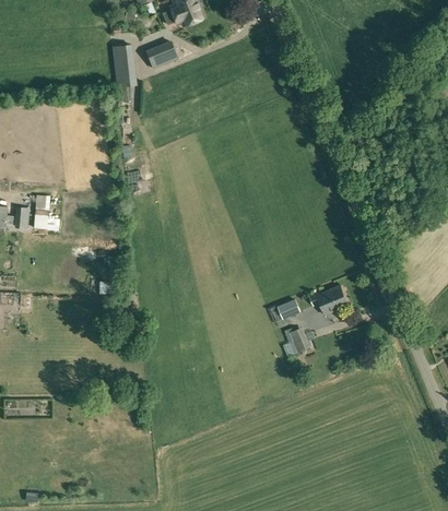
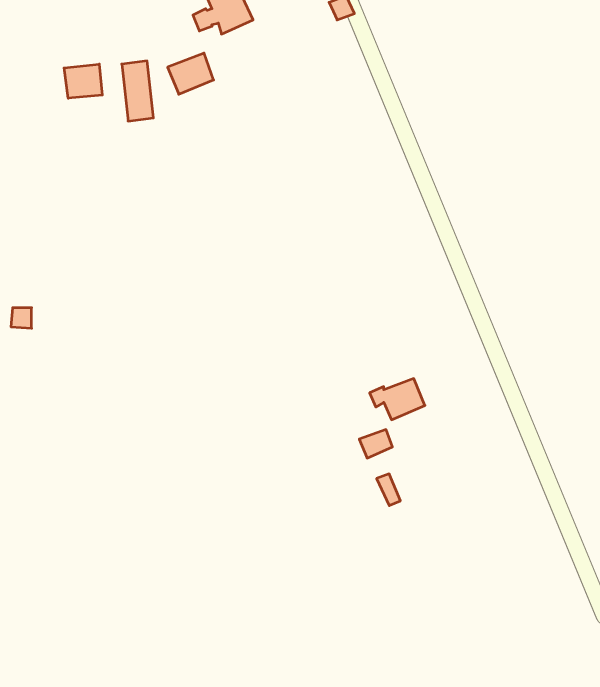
building: none -> [64,64,102,98]
building: [309,286,347,314] -> [370,379,425,420]

